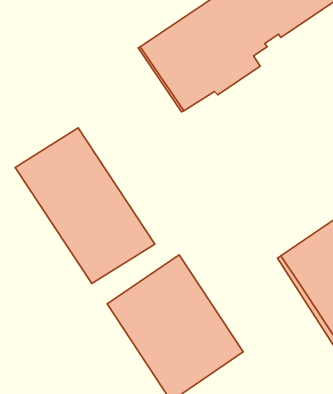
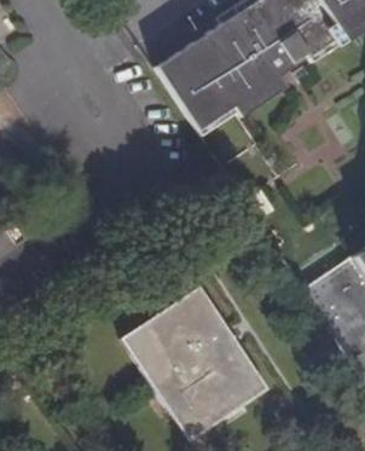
building: [15,128,155,284] -> none

